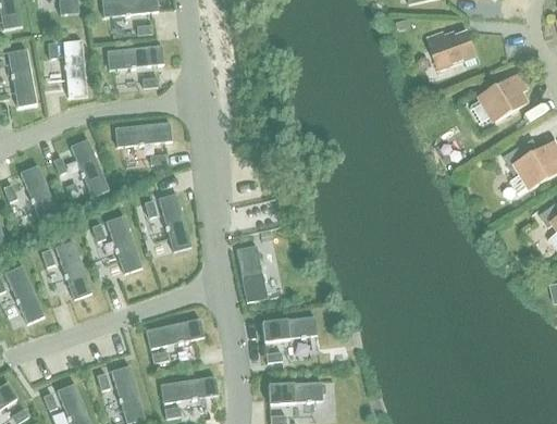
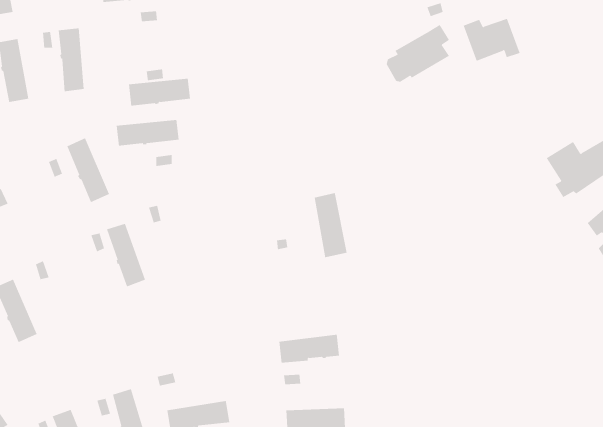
building: [107,45,163,70] -> [128,78,191,106]
building: [471,73,529,125] -> [386,24,450,82]
building: [20,164,59,223] -> none
building: [158,192,191,251] -> none
building: [54,240,91,299] -> none
building: [236,245,267,303] -> [314,193,347,258]
building: [146,317,203,348] -> none

